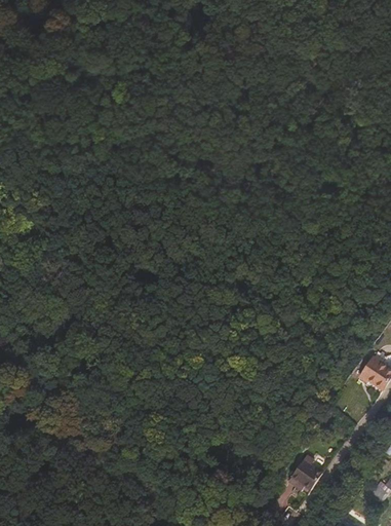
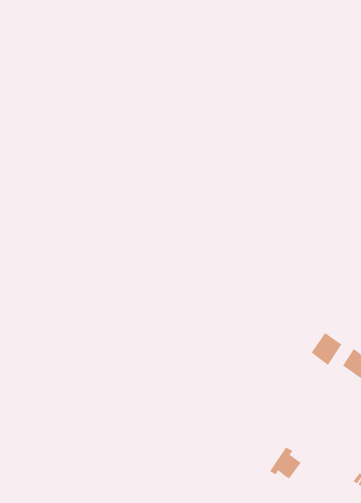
building: none -> [311,332,342,366]

